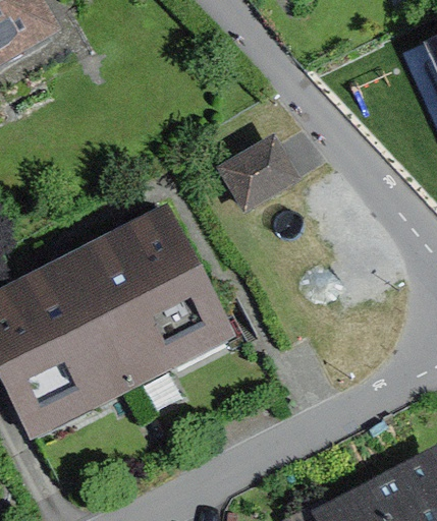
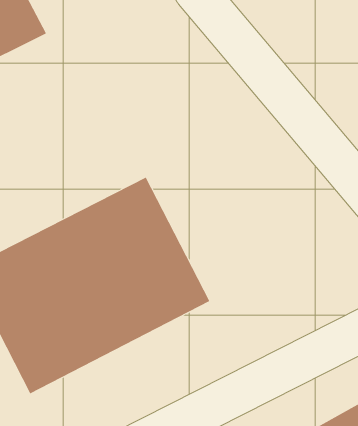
building: [213,134,301,217] -> none

